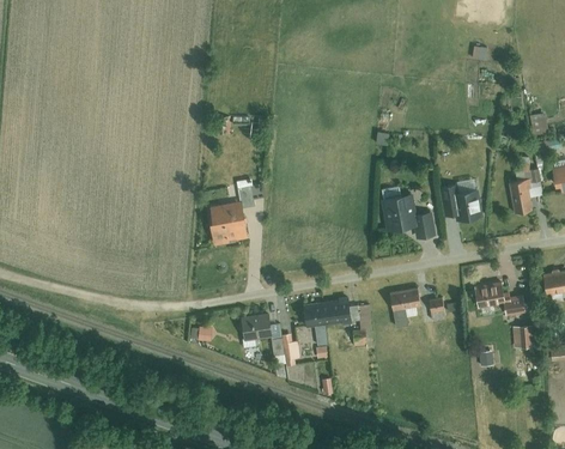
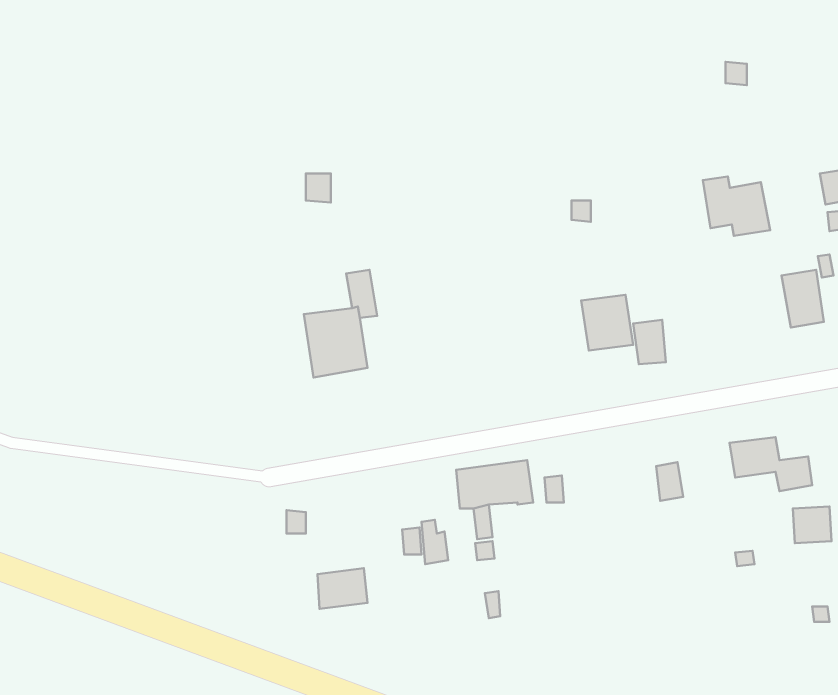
building: [441,183,482,220] -> [703,176,770,236]
building: [390,289,421,327] -> none
building: [239,315,271,340] -> [318,568,368,609]

